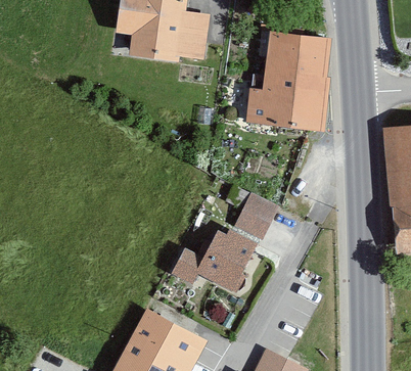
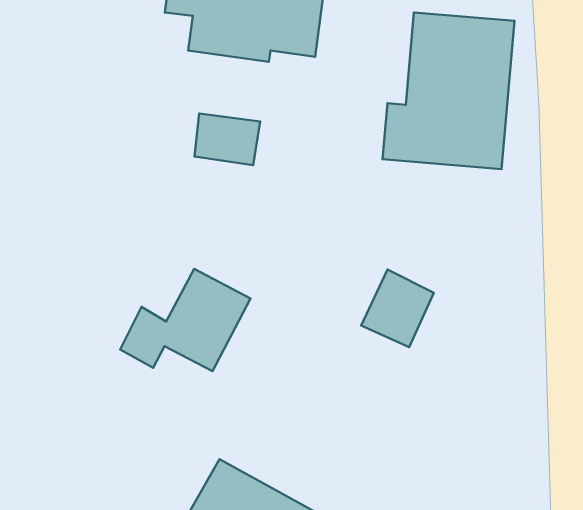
building: none -> [195,113,260,165]
building: [171,223,252,286] -> [120,269,250,371]

